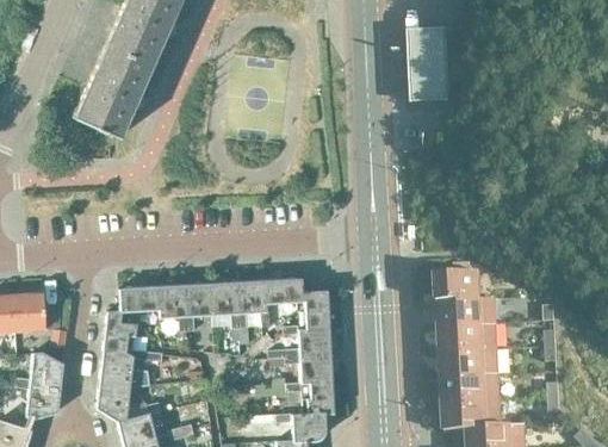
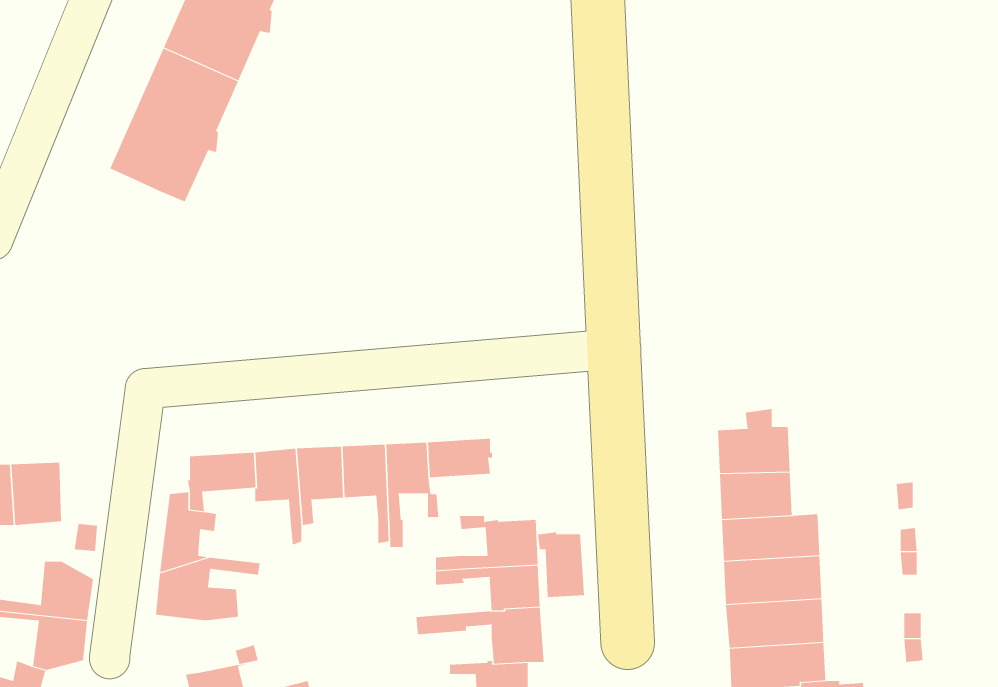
building: [409,26,453,104] -> none
building: [300,290,329,329] -> [537,532,585,597]
building: [98,385,130,421] -> none

